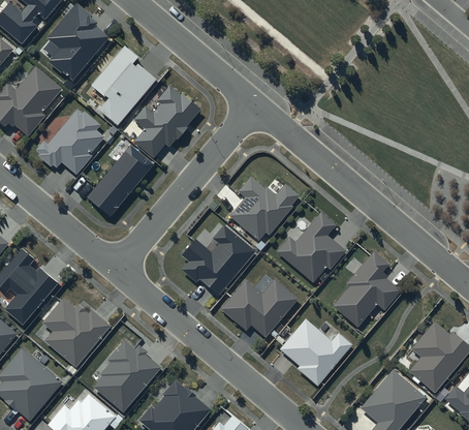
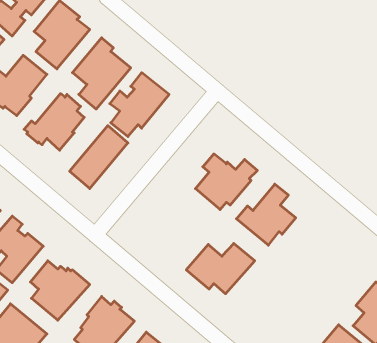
building: [182,226,255,295] -> none
building: [333,251,400,326] -> none
building: [279,318,352,386] -> none

